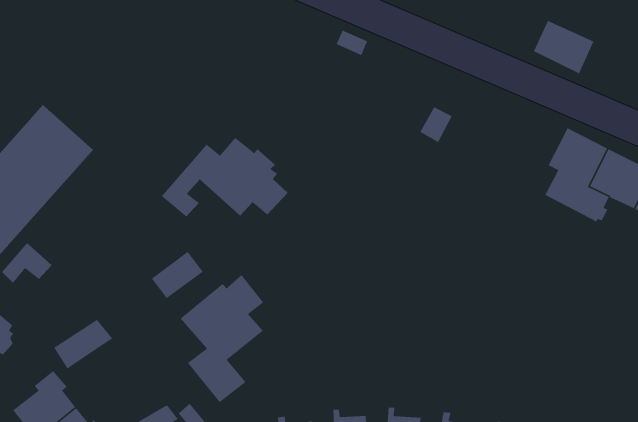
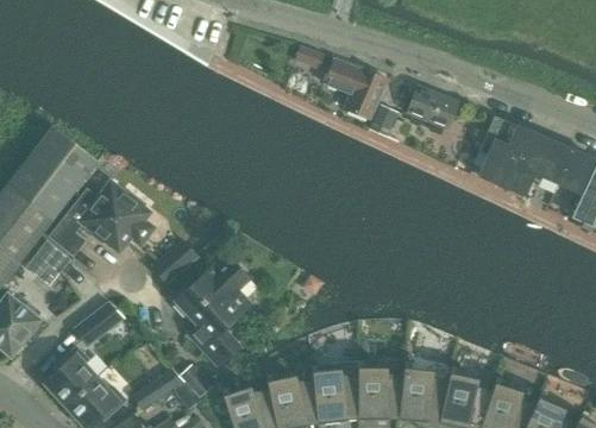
building: [533,20,594,74] -> [407,86,458,130]
building: none -> [325,59,388,120]
building: [161,137,288,218] -> [51,183,158,253]

